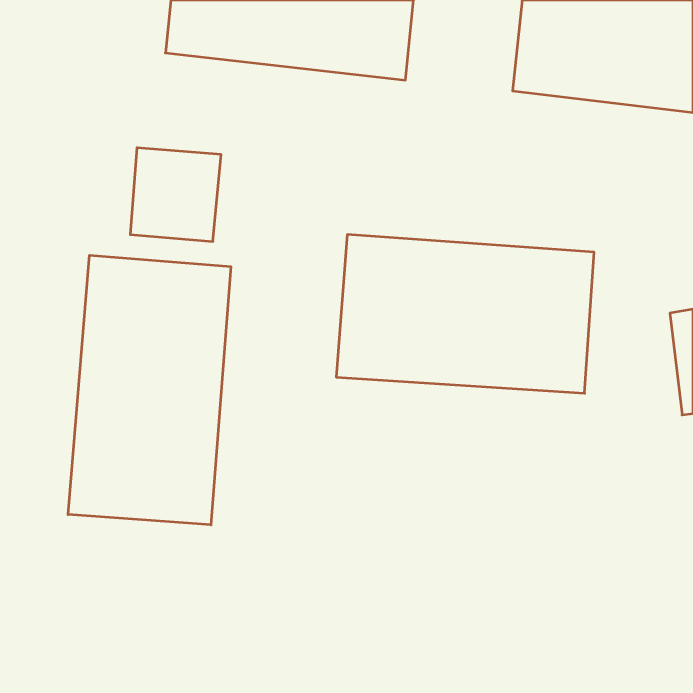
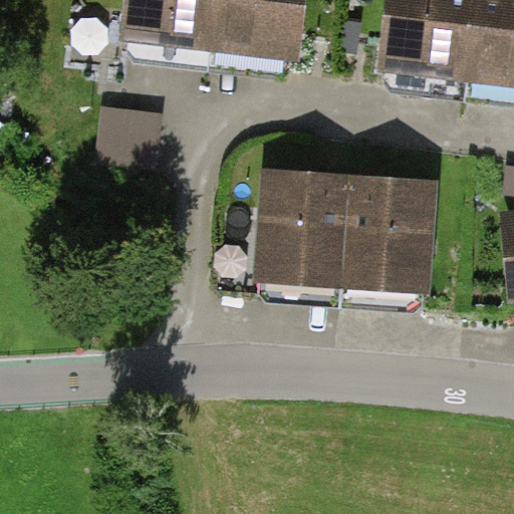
building: [68,255,231,525] -> none

